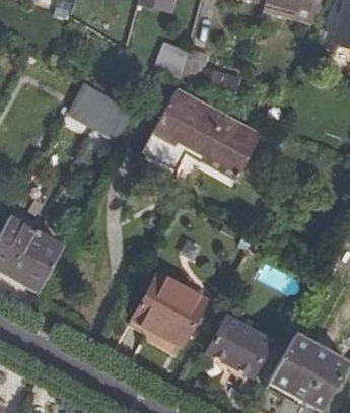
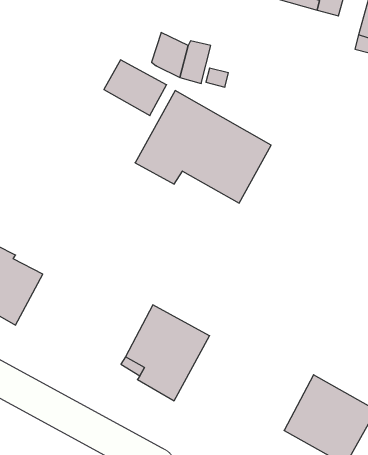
building: [74,85,128,133] -> [104,60,167,116]
building: [207,315,271,374] -> none

